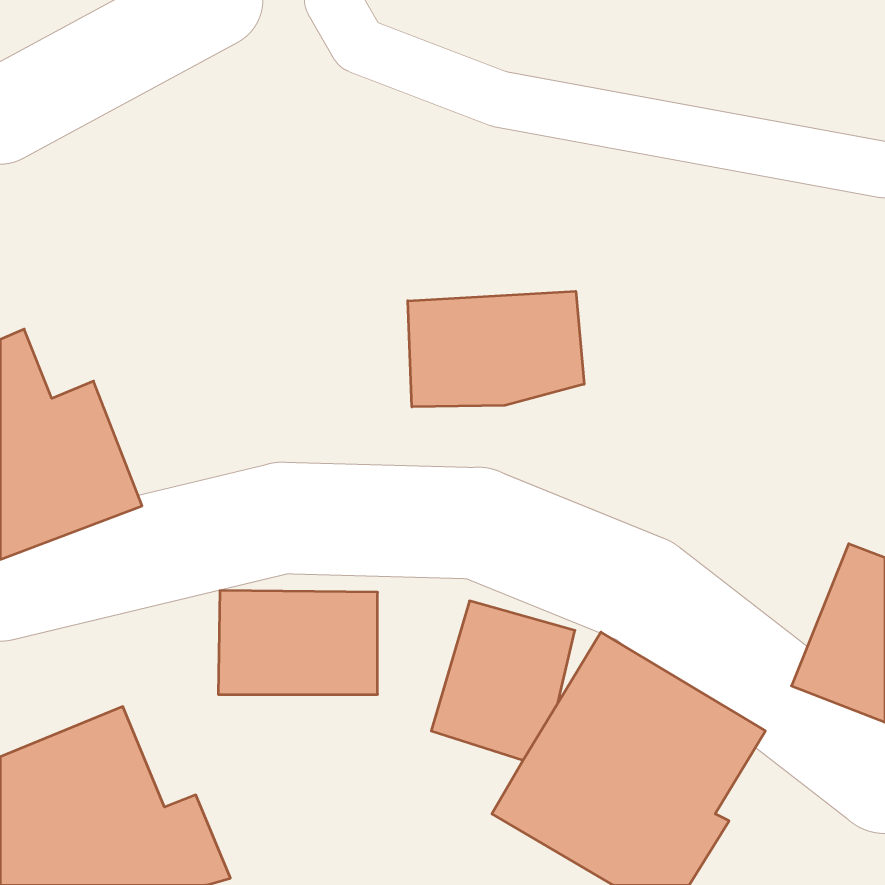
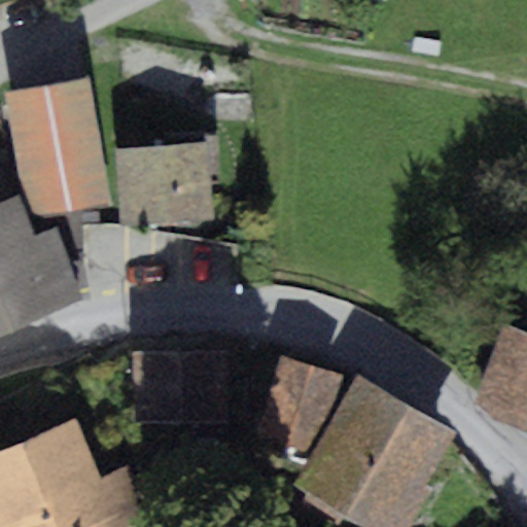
building: none -> [5,79,108,216]
building: none -> [115,143,211,225]
building: [408,291,584,407] -> none

